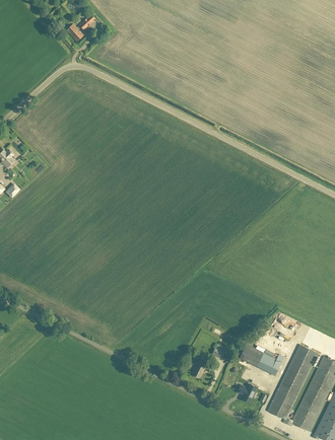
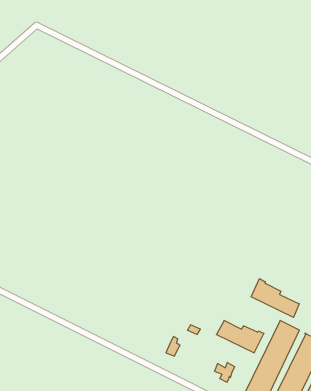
building: none -> [251,279,299,317]

